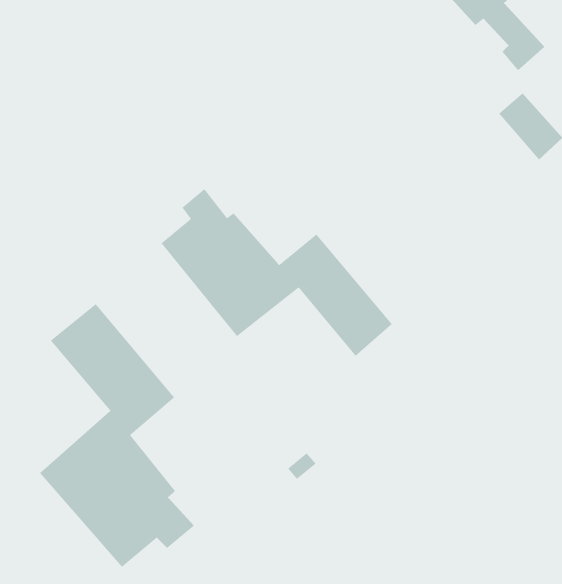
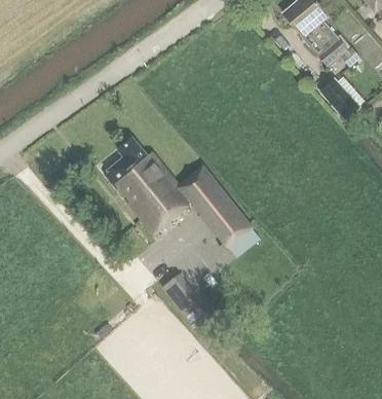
building: [39,303,195,568] -> none

